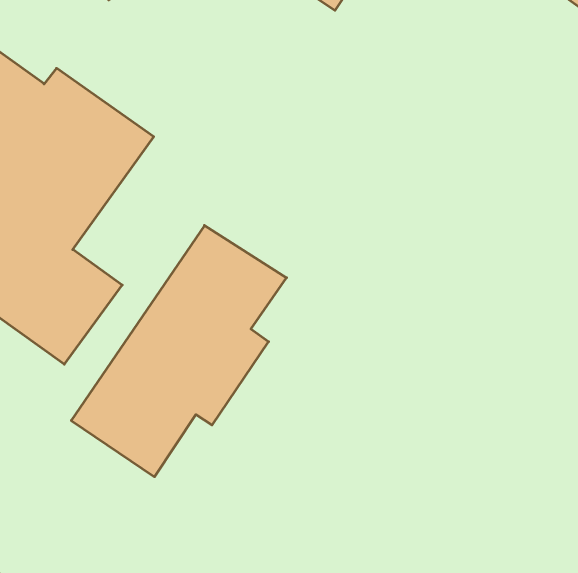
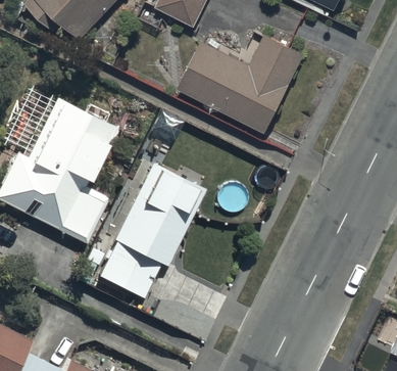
building: none -> [179,45,302,131]

